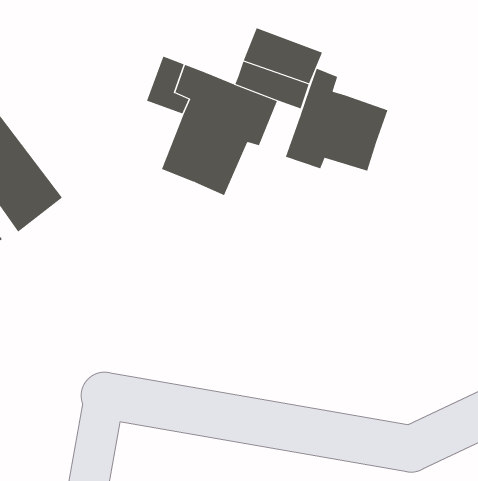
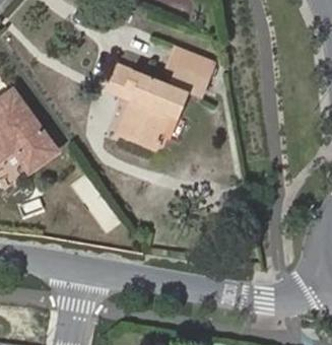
building: [285,68,388,171] -> none

